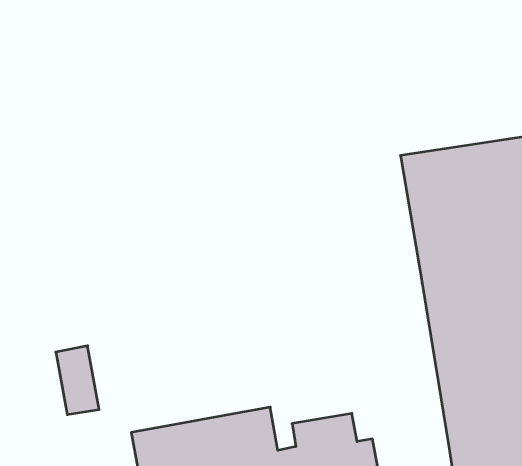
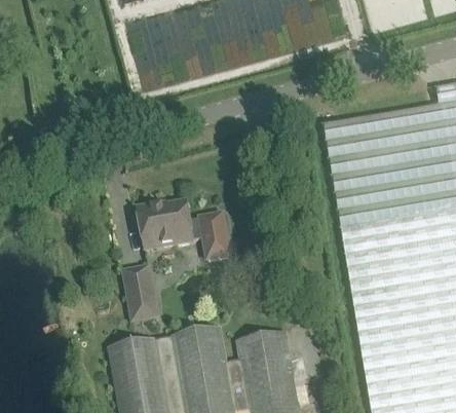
building: none -> [138,203,229,263]
building: [56,346,99,415] -> [123,267,158,323]

